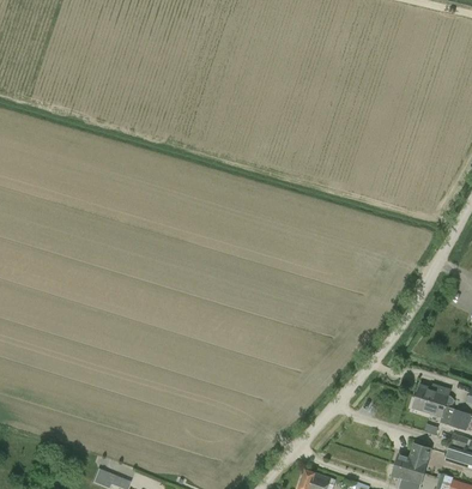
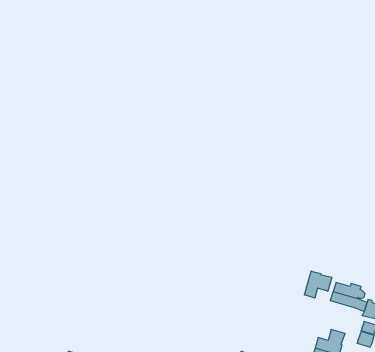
building: none -> [304,271,332,298]

